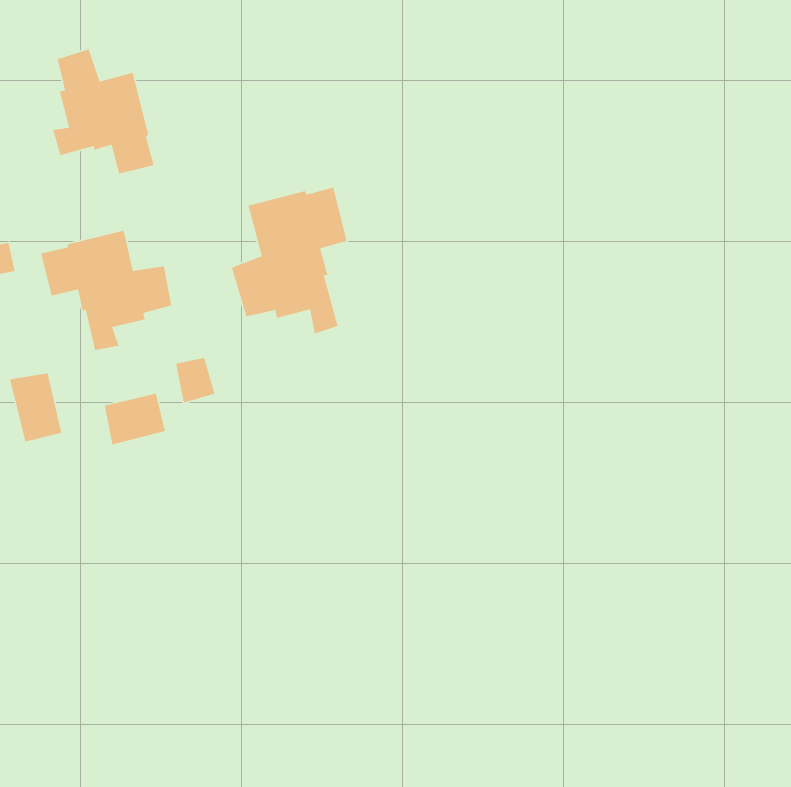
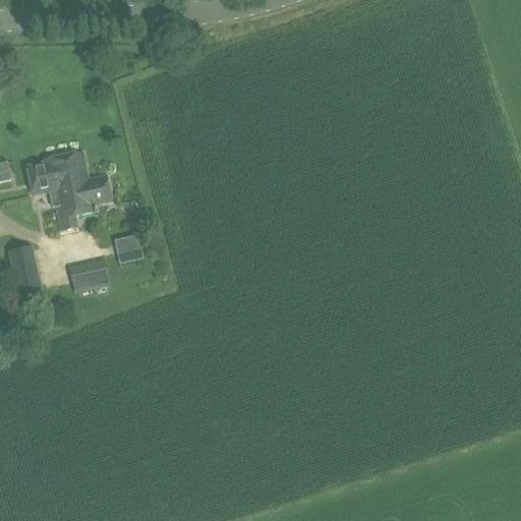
building: [52,48,155,174] -> none
building: [231,187,348,334] -> none

